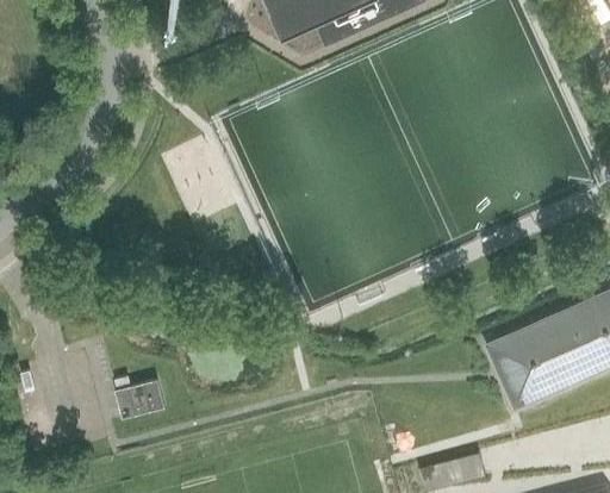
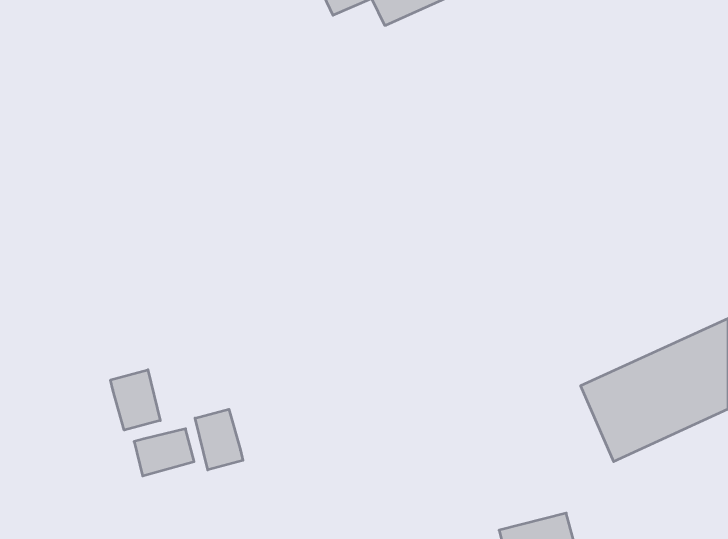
building: none -> [111,370,160,430]
building: none -> [195,409,243,470]

